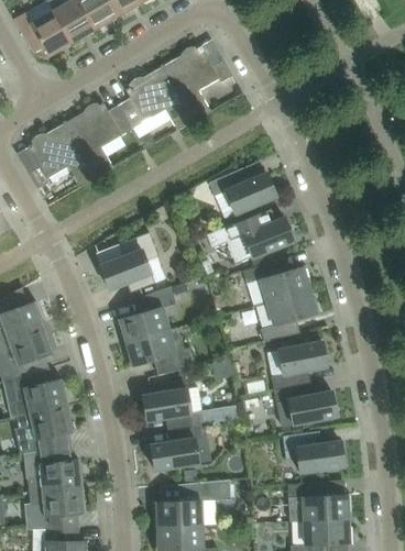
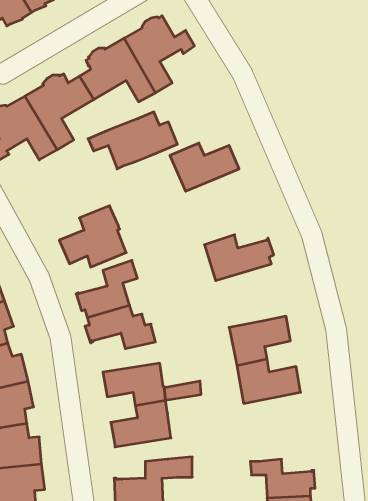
building: [206,208,294,264] -> [88,112,177,169]
building: [260,289,319,341] -> none
building: [282,431,344,472] -> none

